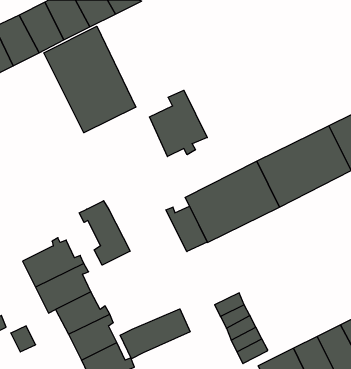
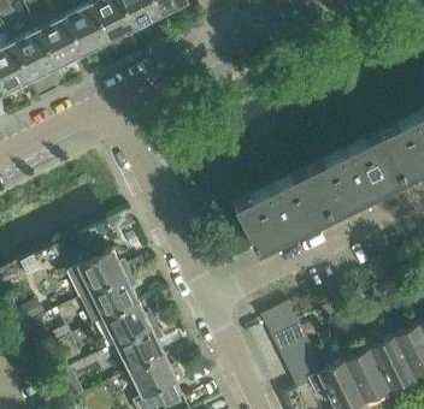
building: [44,26,136,133] -> none
building: [149,90,207,157] -> none
building: [79,201,130,265] -> none
building: [166,206,207,252] -> none
building: [120,309,190,359] -> none

